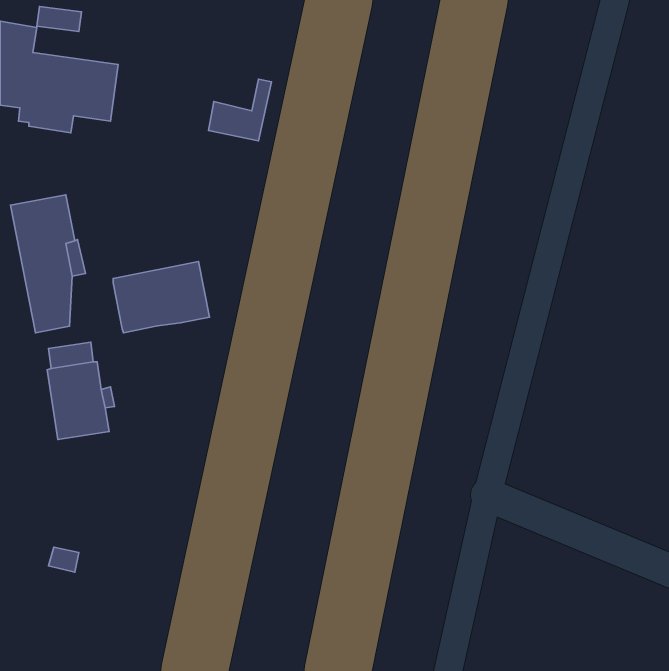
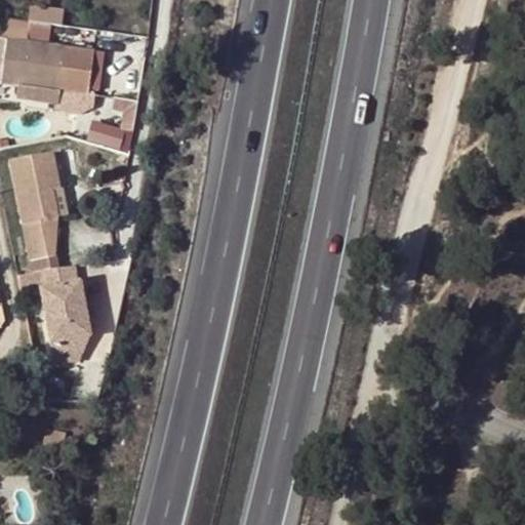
building: [209,79,272,141] -> [91,102,140,150]
building: [113,261,210,333] -> none

